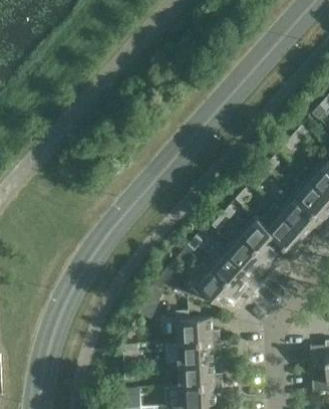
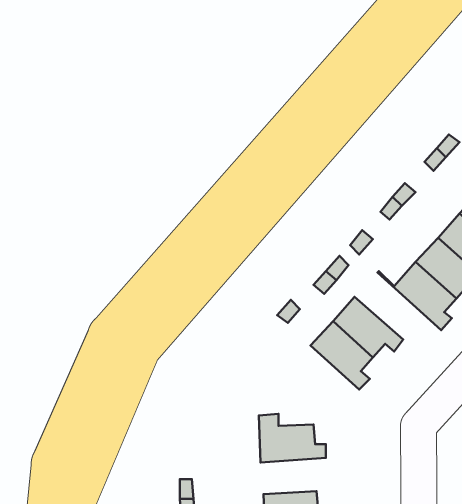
building: [239,218,296,262] -> none
building: [190,266,242,308] -> none
building: [177,341,221,365] -> none

